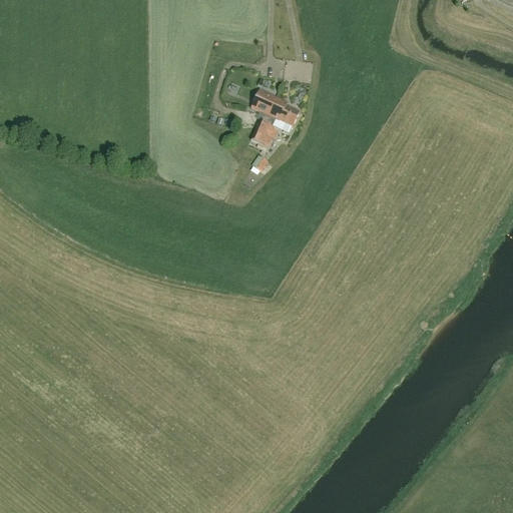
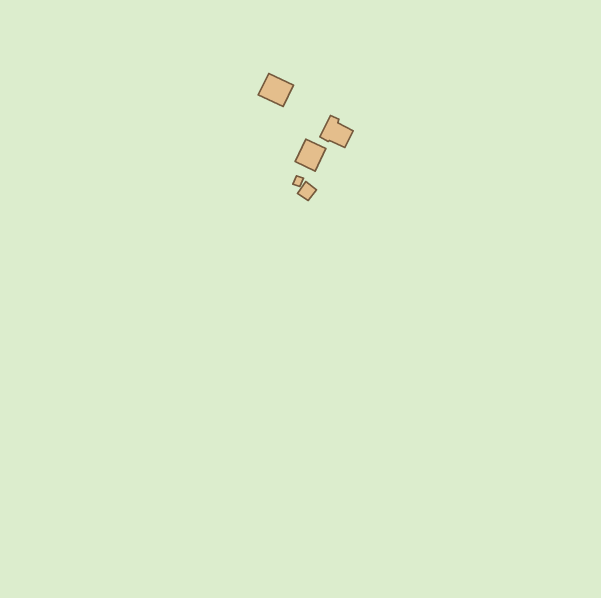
building: [252,88,283,116] -> [258,73,294,107]

